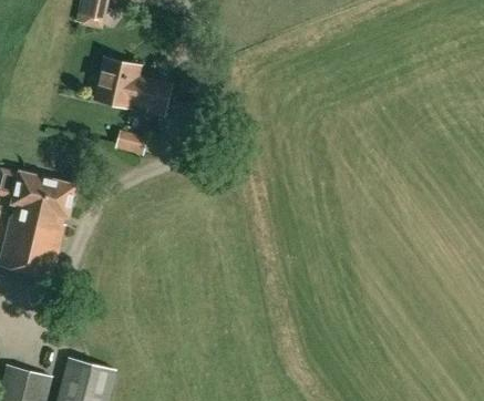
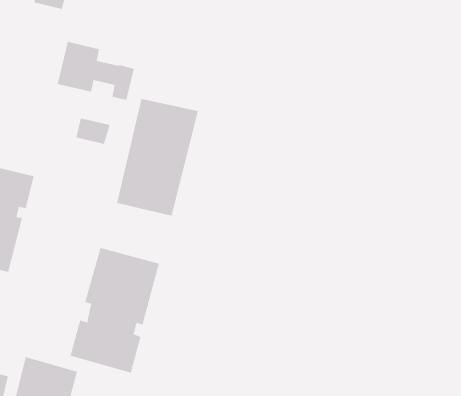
building: none -> [116,98,198,216]
building: none -> [70,247,159,373]

